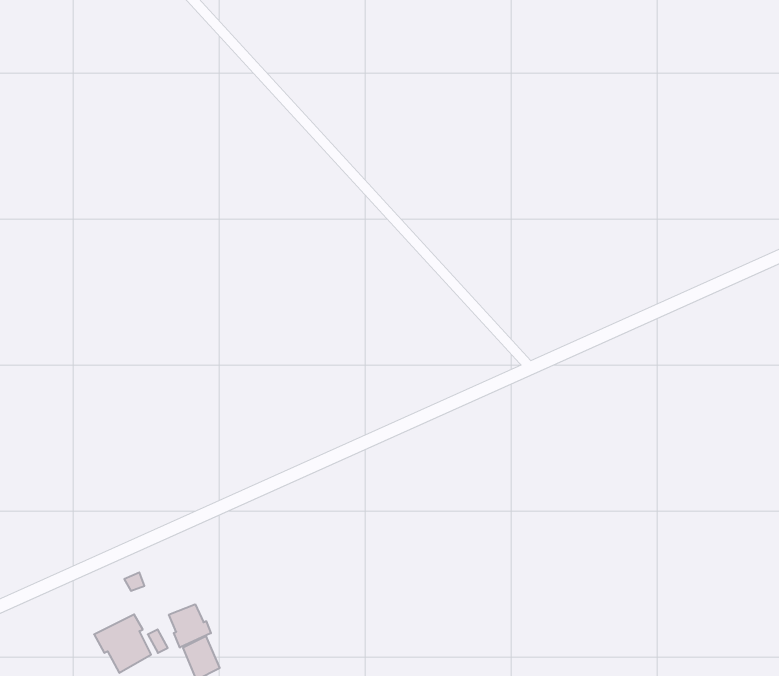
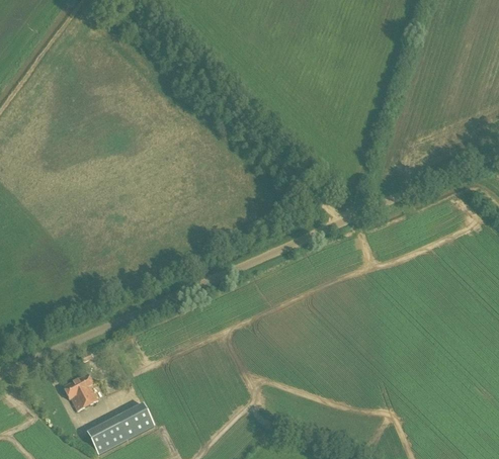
building: [169,604,211,648] -> none

